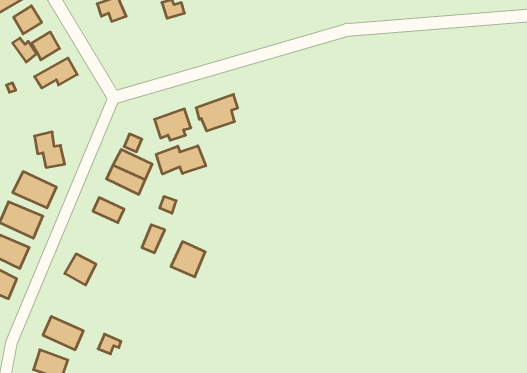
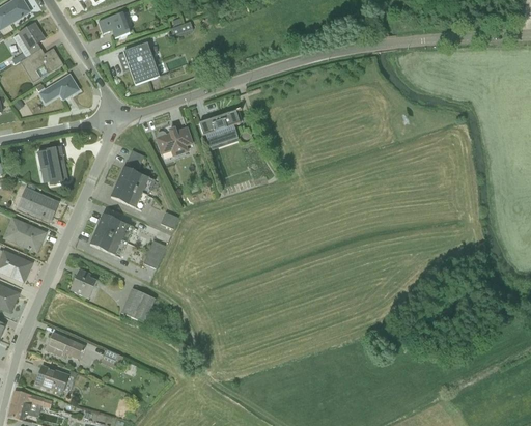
building: none -> [122,44,159,85]
building: [156,146,206,174] -> none
building: none -> [88,226,120,254]
building: [171,242,205,277] -> [121,287,156,322]

